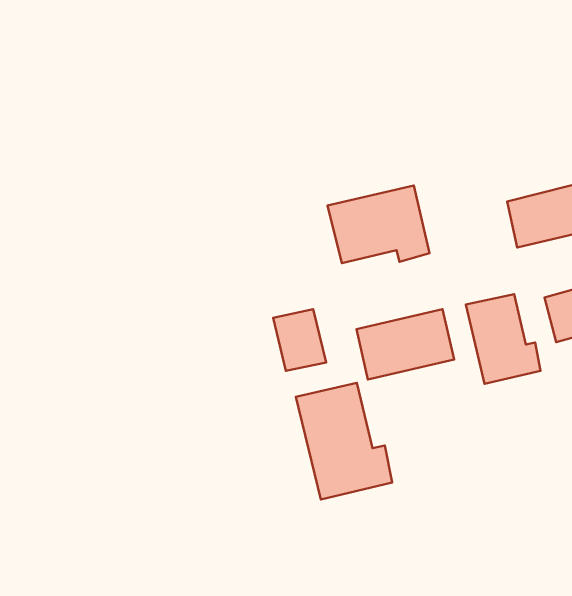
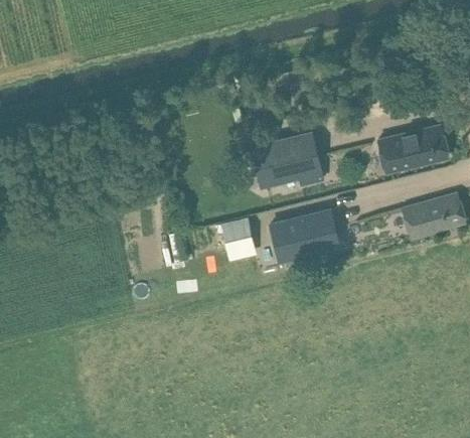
building: [466,294,541,384] -> none
building: [296,383,392,500] -> none

